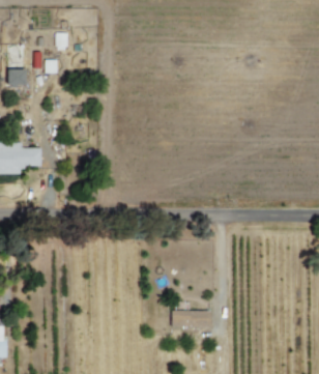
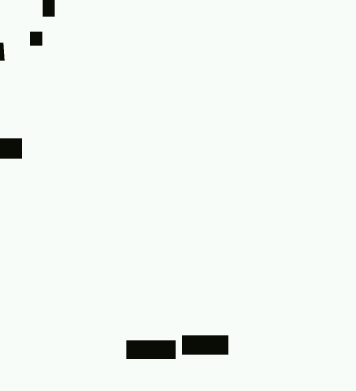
building: none -> [126,340,176,360]

